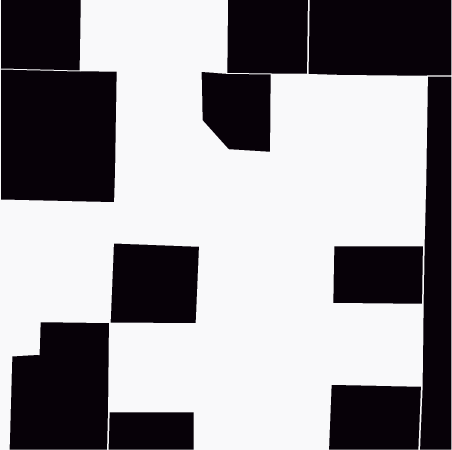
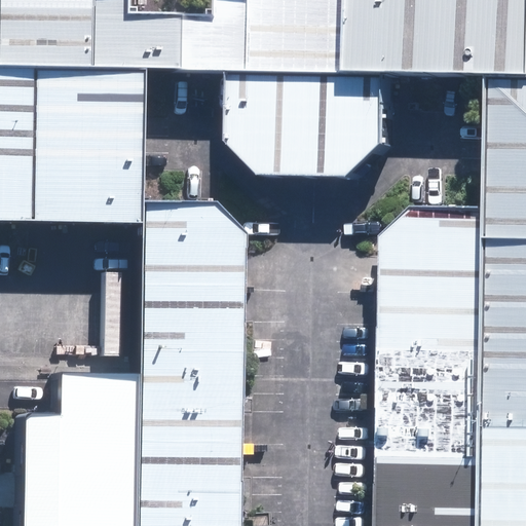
building: none -> [93,8,264,85]
building: none -> [314,86,390,177]
building: none -> [132,201,233,287]
building: none -> [387,208,494,286]
building: none -> [384,352,491,449]
building: none -> [126,375,228,479]

